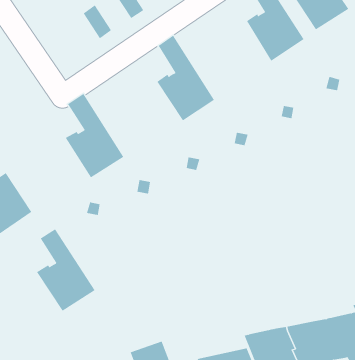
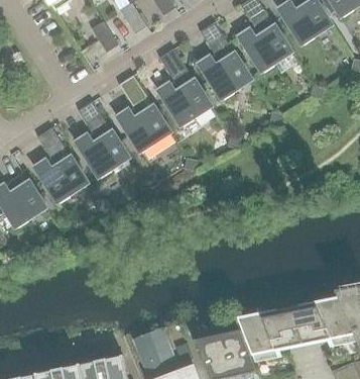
building: none -> [199,21,251,99]
building: none -> [117,74,170,152]
building: [36,228,96,311] -> [34,127,88,202]

